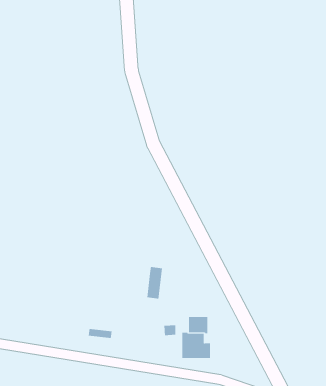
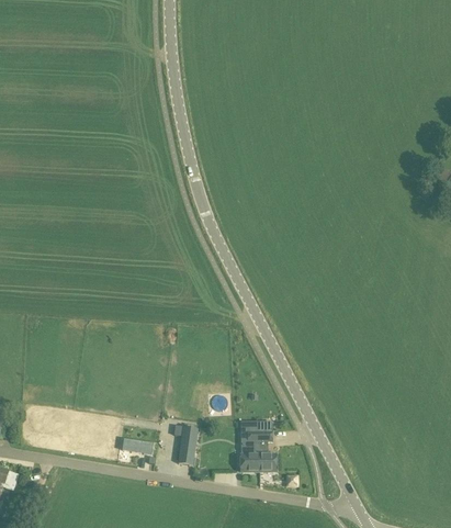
building: [146,266,163,299] -> [178,427,198,467]

